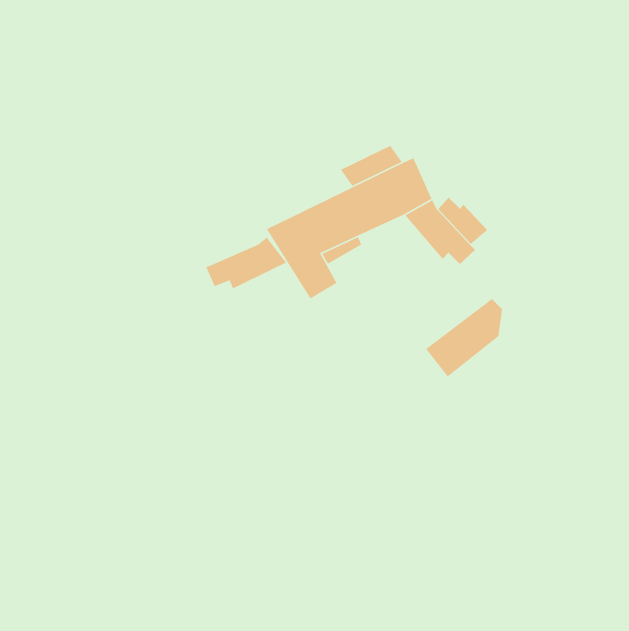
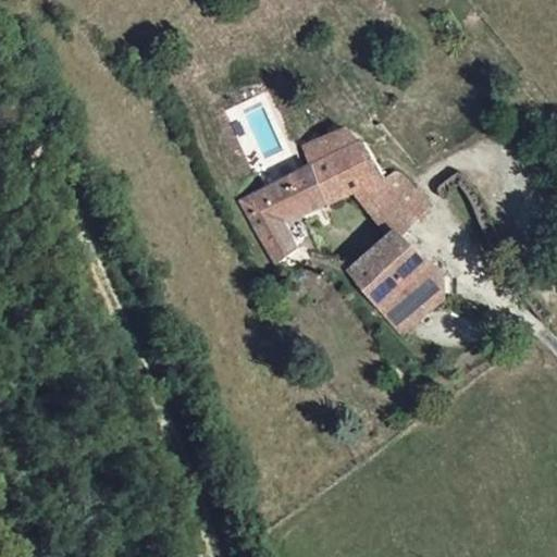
building: [205,236,287,289] -> none
building: none -> [346,223,433,307]

